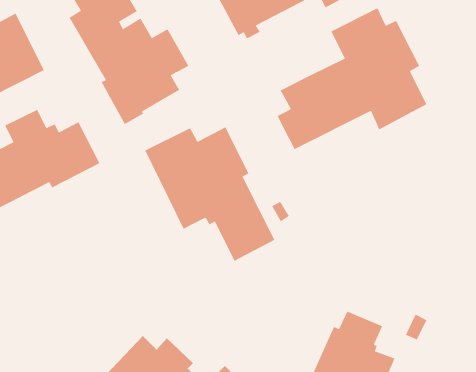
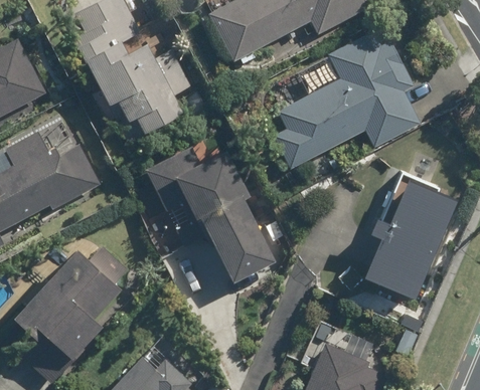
building: none -> [365,171,457,291]
building: none -> [15,243,128,382]

